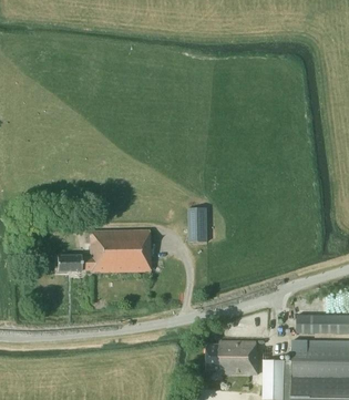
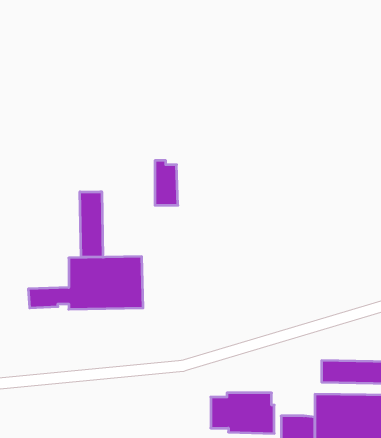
building: none -> [80,192,103,257]
building: [188,205,207,242] -> [155,161,178,205]

